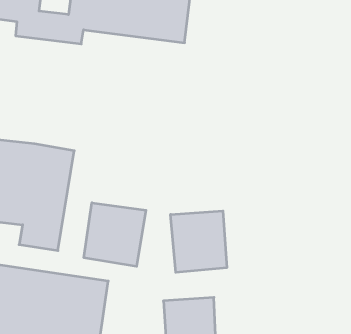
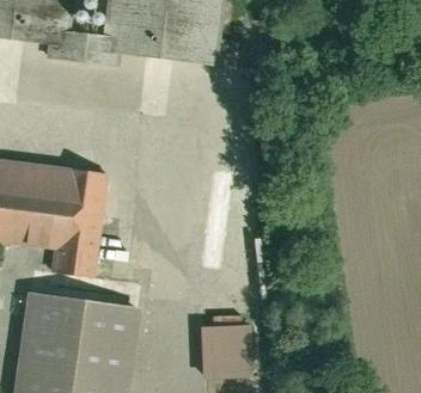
building: [84,203,146,266] -> none
building: [171,211,227,272] -> none

